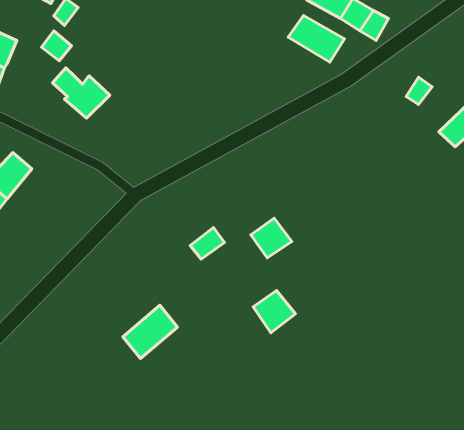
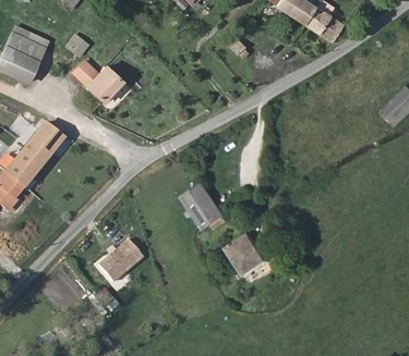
building: [288,16,345,62] -> none
building: [251,218,292,258] -> [193,200,226,232]
building: [123,305,177,359] -> [97,238,141,281]

